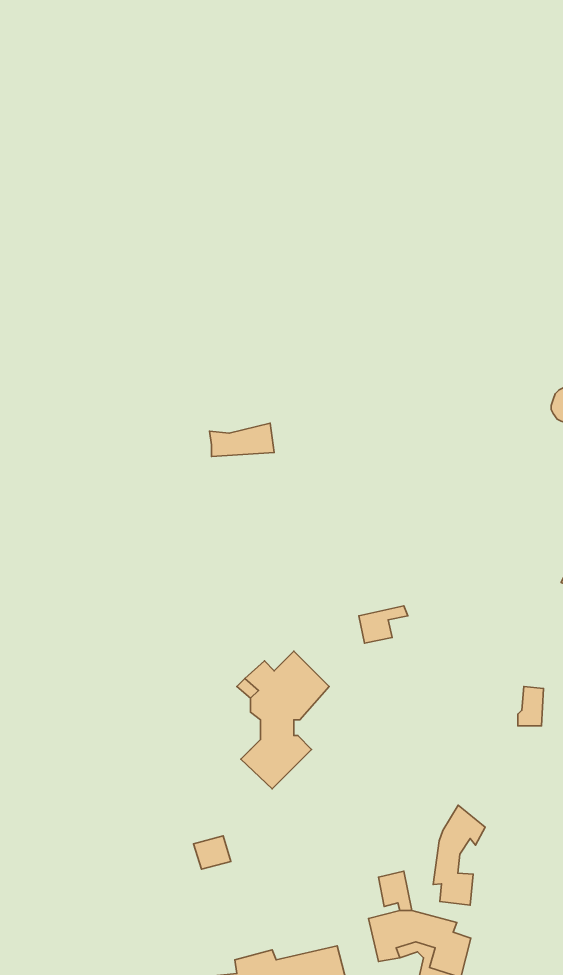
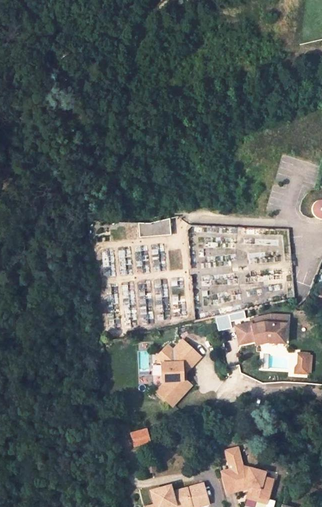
building: none -> [236,322,283,343]
building: [433,805,485,905] -> none

